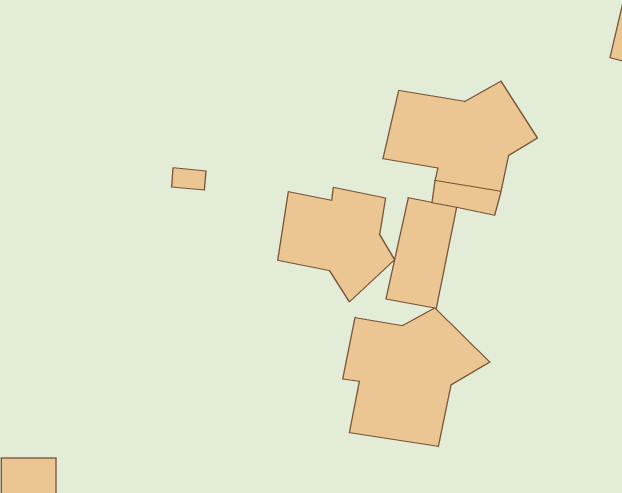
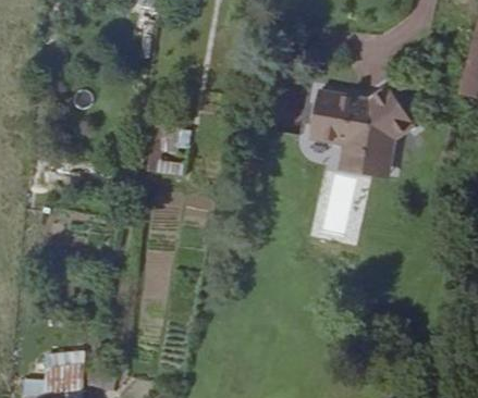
building: [278,187,394,302] -> none
building: [343,308,490,447] -> none

